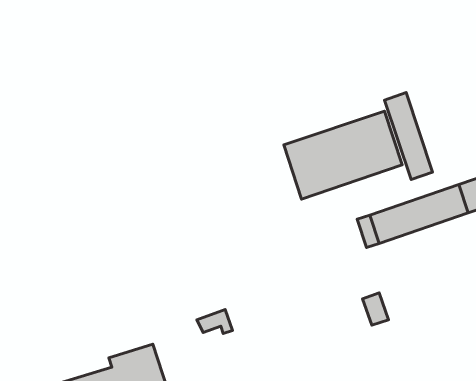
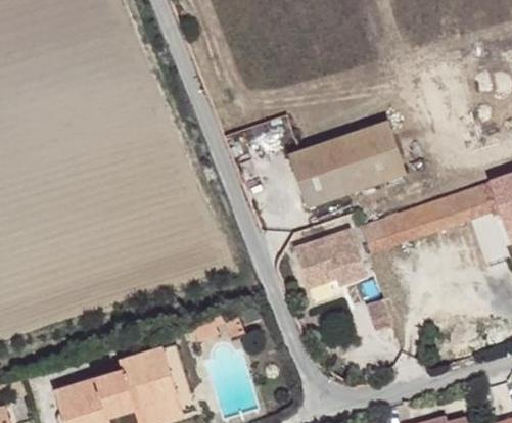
building: [385,93,433,180] -> none
building: none -> [295,229,368,288]

